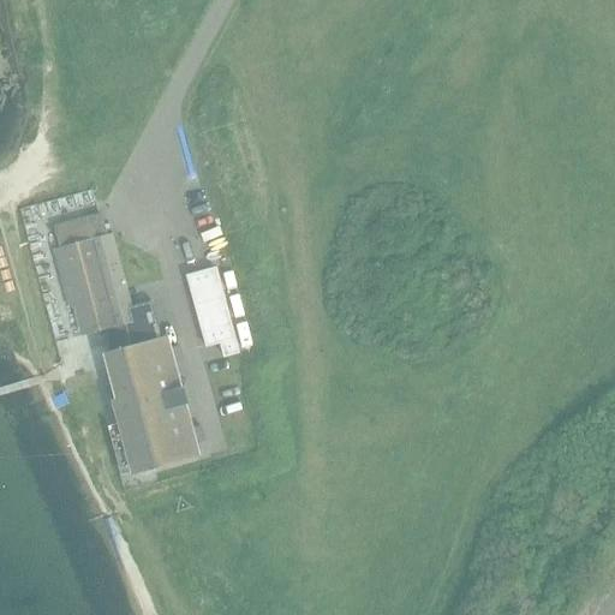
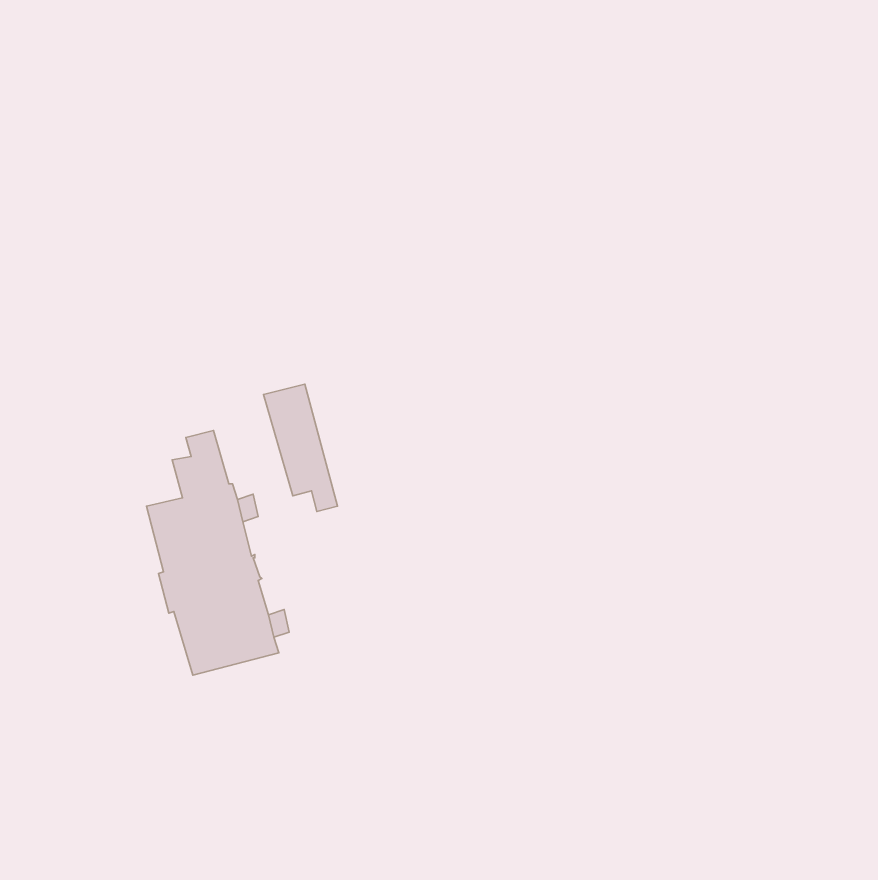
building: [59,237,132,334] -> none

